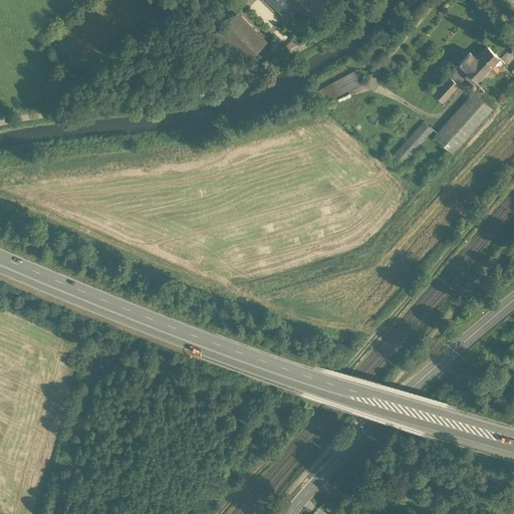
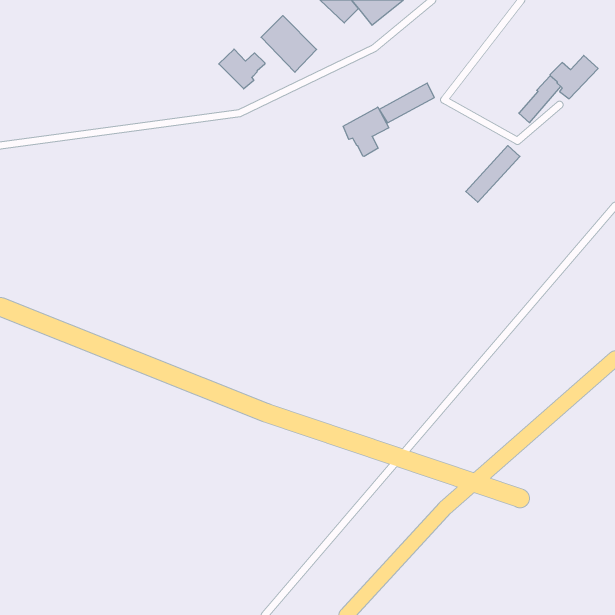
building: none -> [219,49,265,89]
building: [433,85,499,154] -> none
building: none -> [343,107,389,156]

